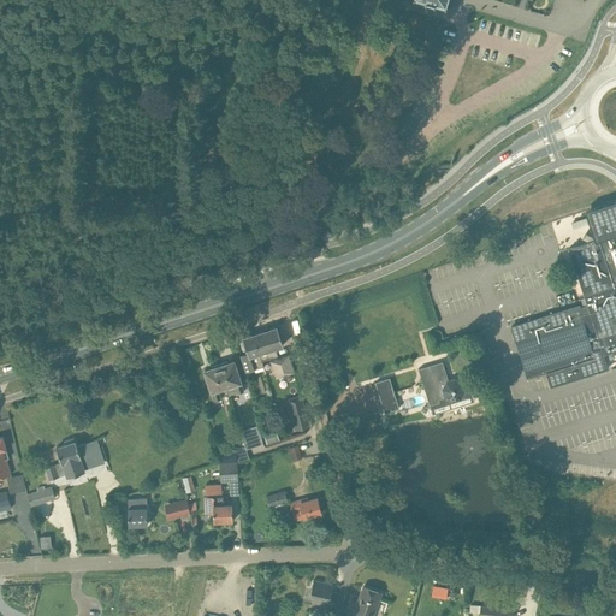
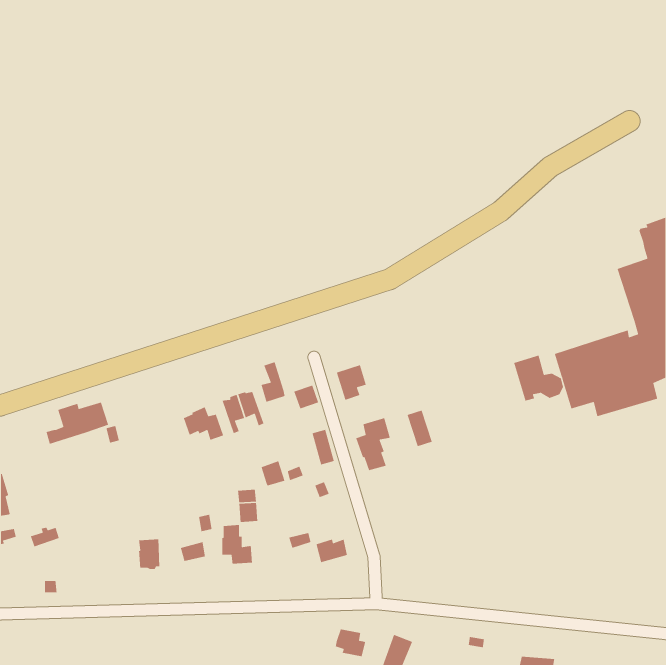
building: [254,327,283,361] -> [336,364,367,401]
building: [419,362,466,405] -> [513,355,564,401]
building: none -> [183,406,224,441]
building: none -> [355,417,391,471]
building: [46,440,105,480] -> [45,402,109,445]

